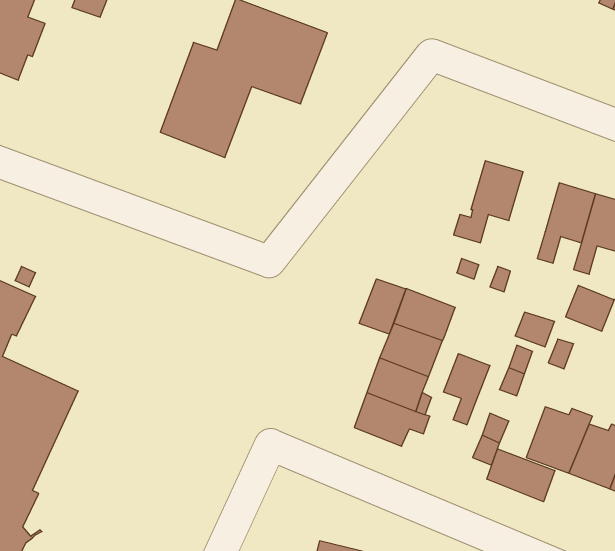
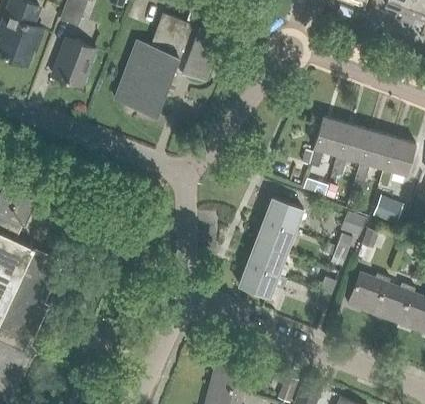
building: none -> [53,39,96,87]
building: none -> [332,124,369,175]
building: [359,279,406,334] -> none
building: [444,354,490,425] -> none
building: [487,449,555,502] -> none

